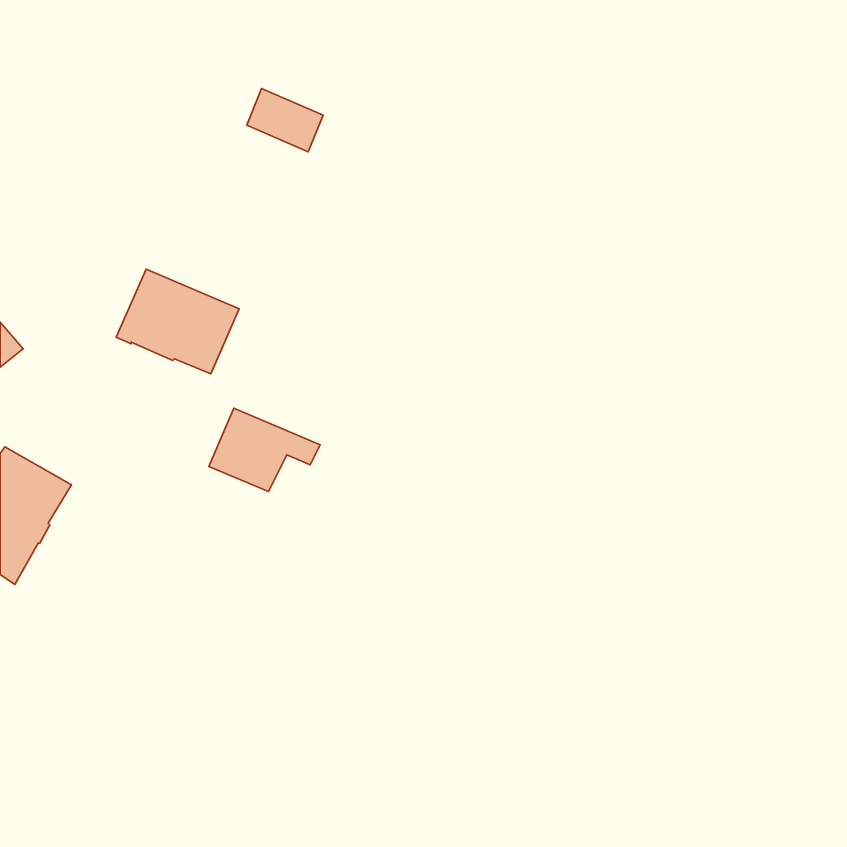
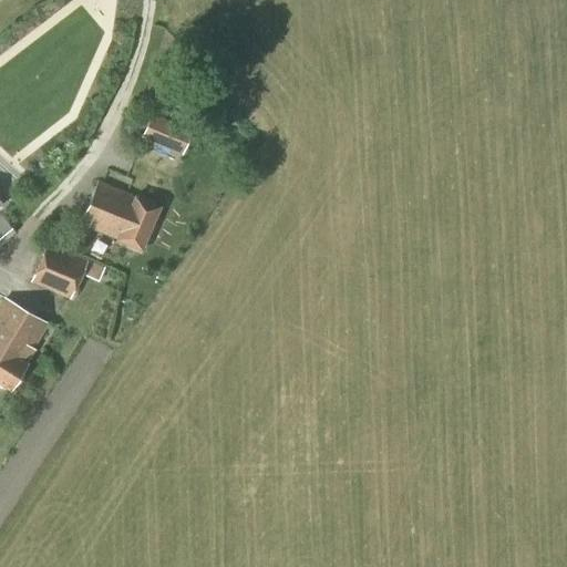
building: [247,89,323,152] -> [142,113,193,155]
building: [209,408,320,491] -> [31,244,105,299]

